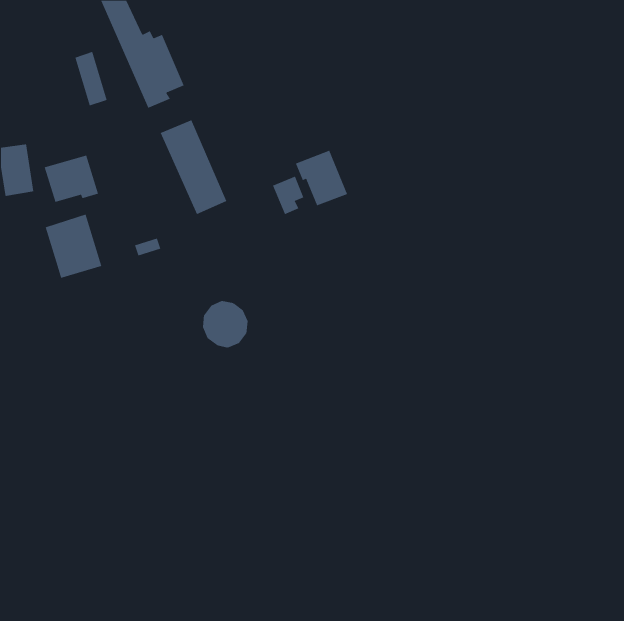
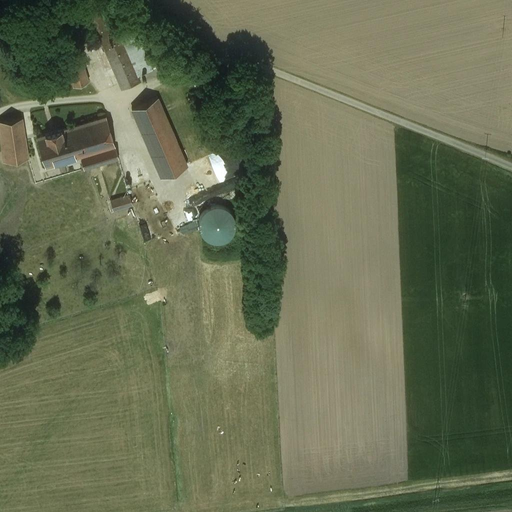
building: [295,150,348,206] -> none
building: [45,214,102,278] -> [71,118,118,171]
building: [202,300,248,348] -> [197,205,235,244]

